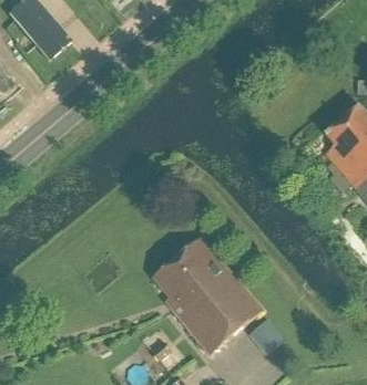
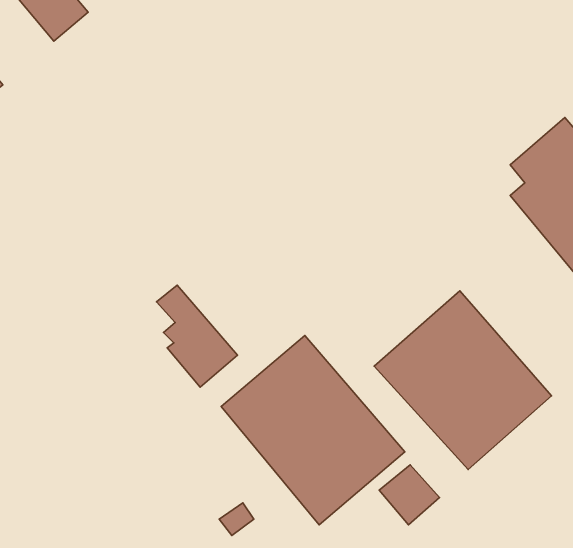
building: none -> [157,285,238,387]
building: none -> [374,291,552,470]

